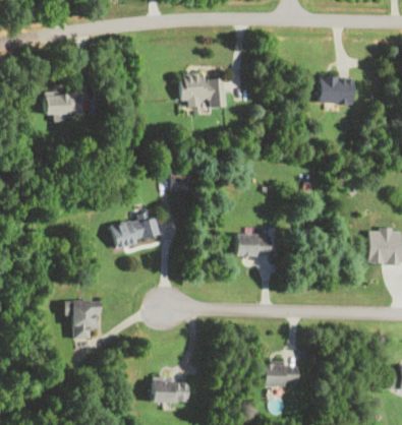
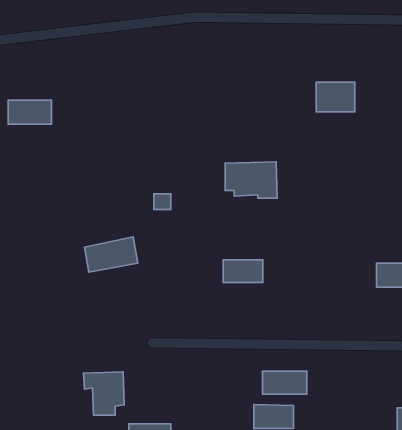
building: [180,74,227,107] -> [225,162,277,198]
building: [64,300,101,339] -> [83,372,124,415]
building: none -> [262,371,307,394]

